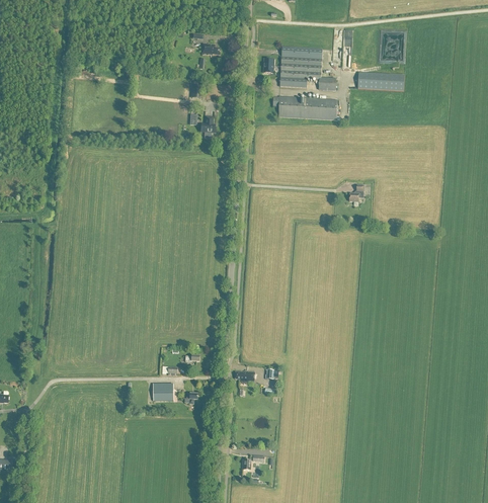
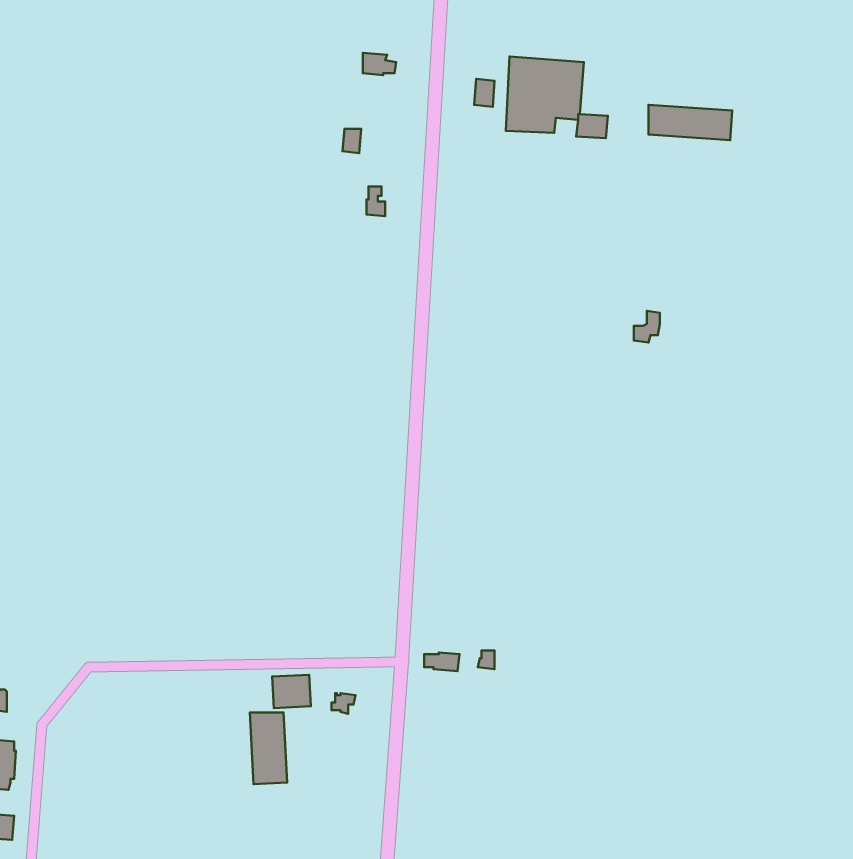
building: [277,96,336,119] -> none
building: none -> [250,712,287,784]

